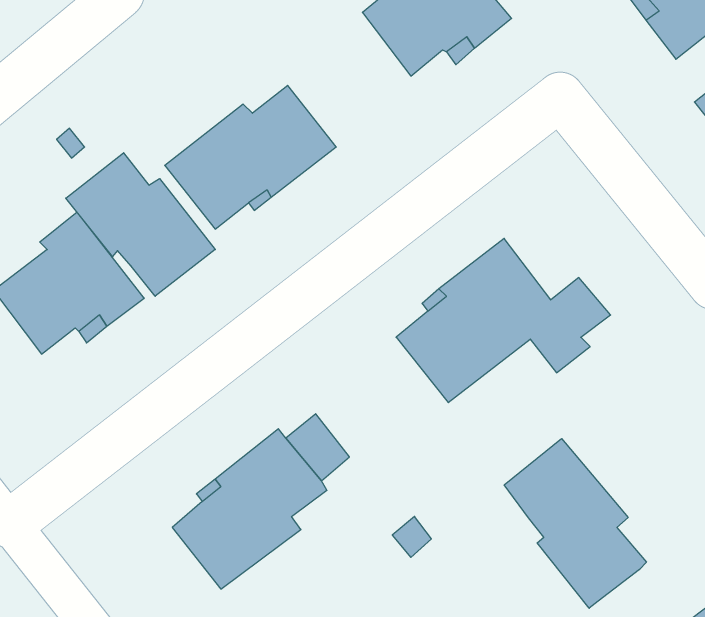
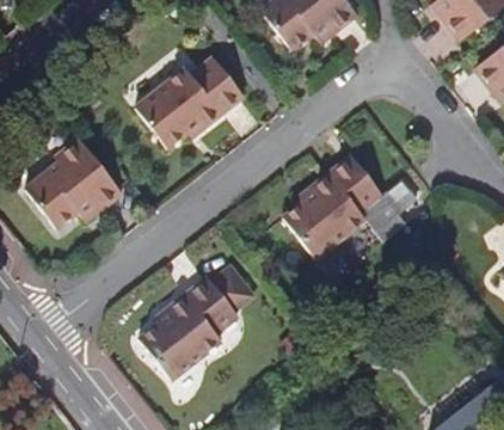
building: [66,153,215,296] -> none
building: [504,439,646,608] -> none

